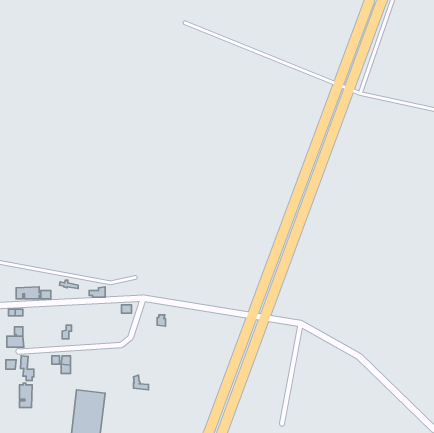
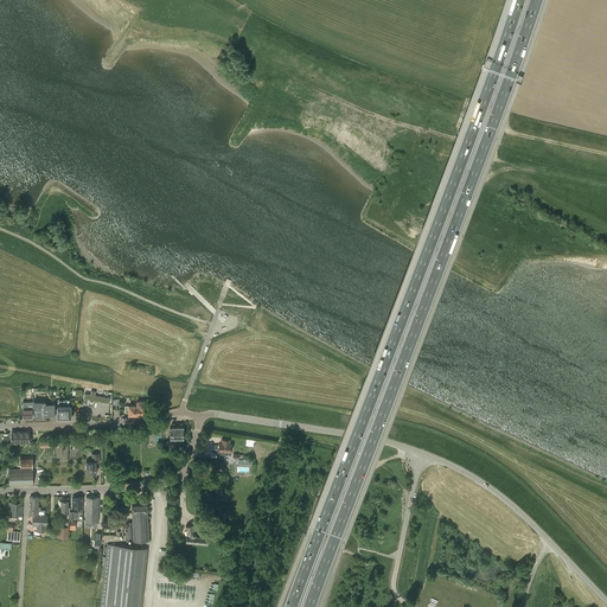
building: none -> [127,506,148,542]
building: [19,383,32,407] -> none

